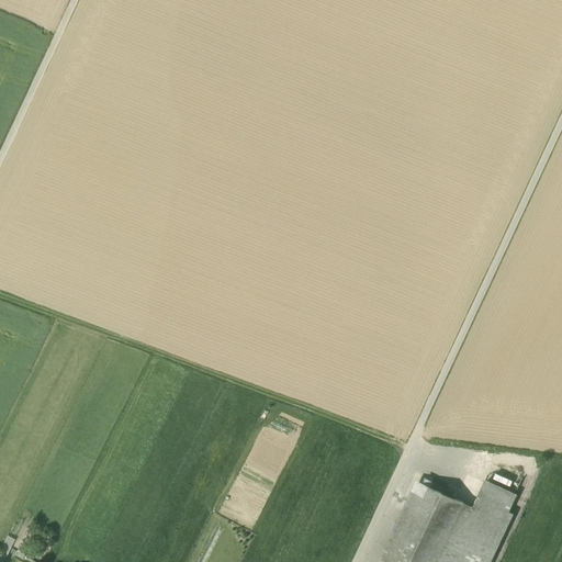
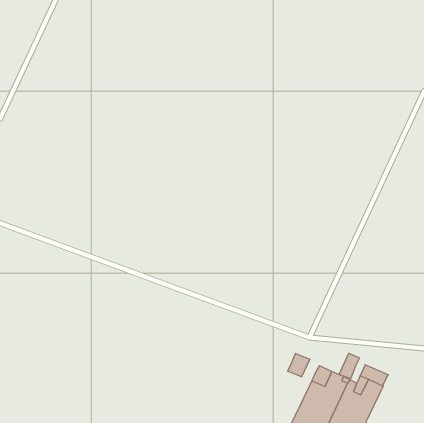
building: none -> [339,353,360,379]
building: none -> [288,353,310,377]

